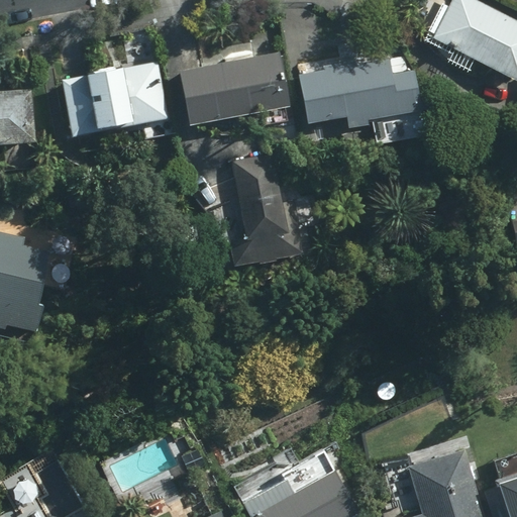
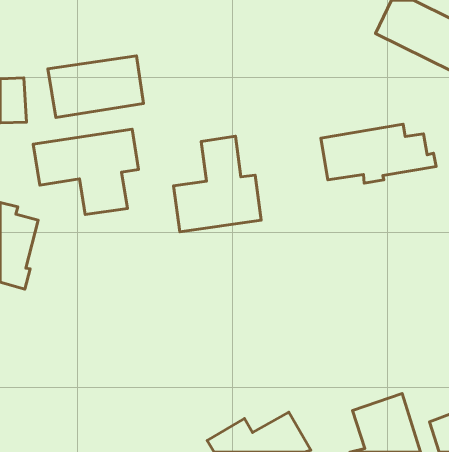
building: [177,54,288,123] -> none
building: [298,60,429,127] -> [321,124,436,183]
building: none -> [33,129,139,214]

